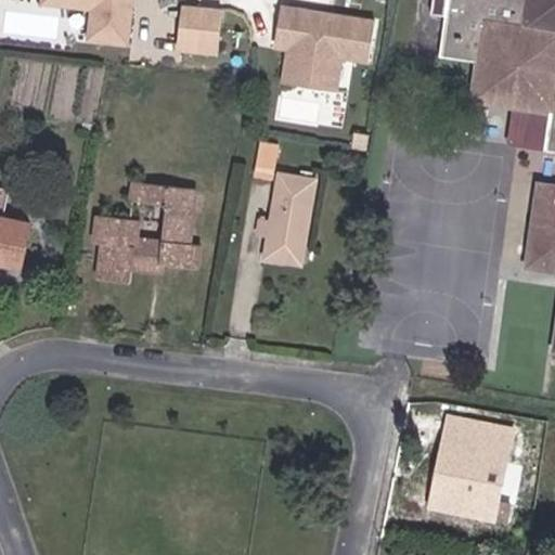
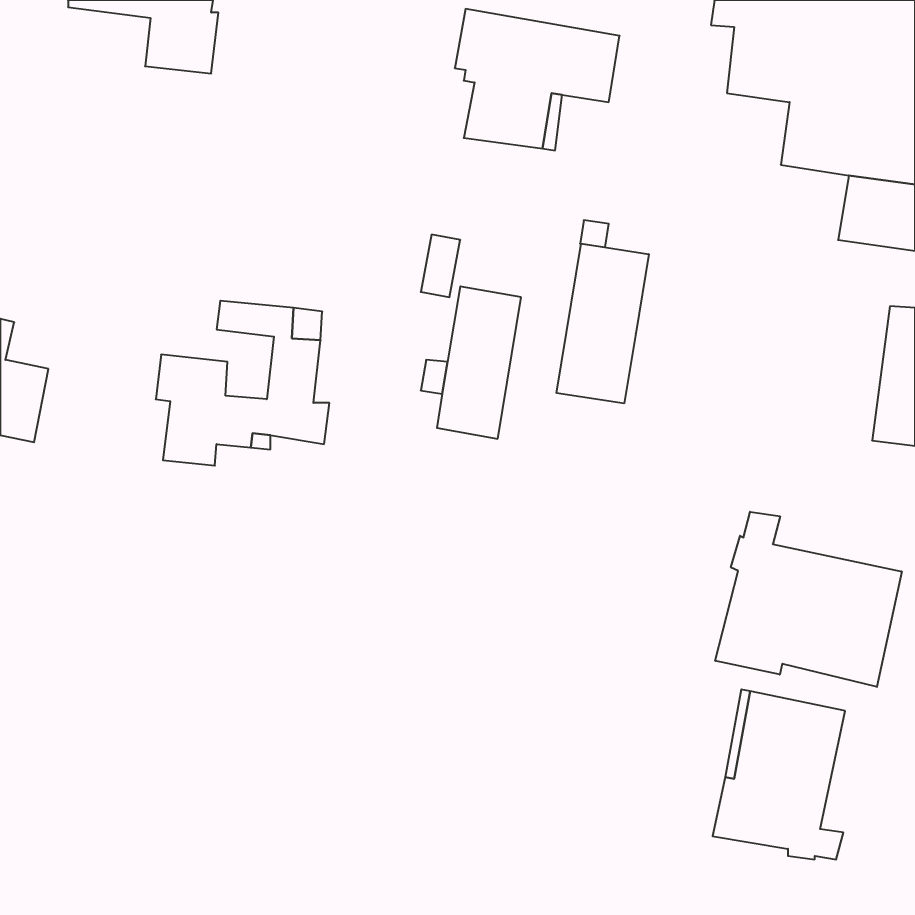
building: [179,5,219,53] -> none
building: none -> [557,244,649,403]
building: none -> [715,512,902,687]

